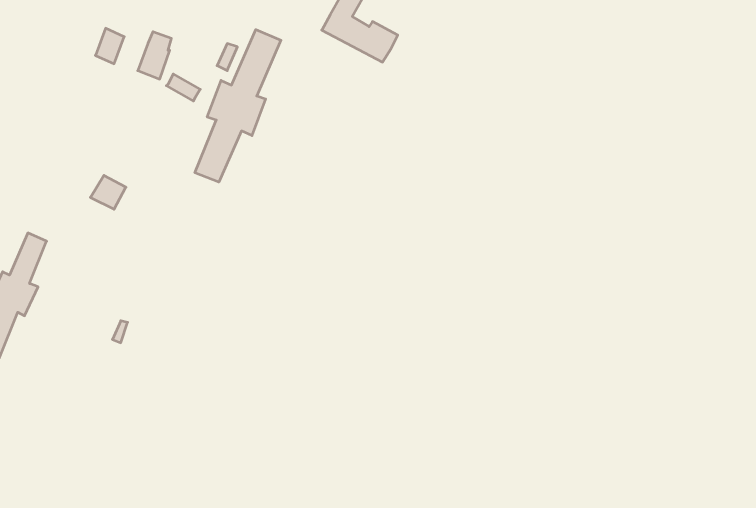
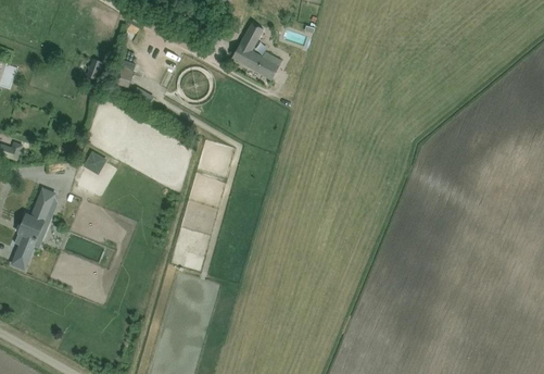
building: [195,30,281,182] -> none

